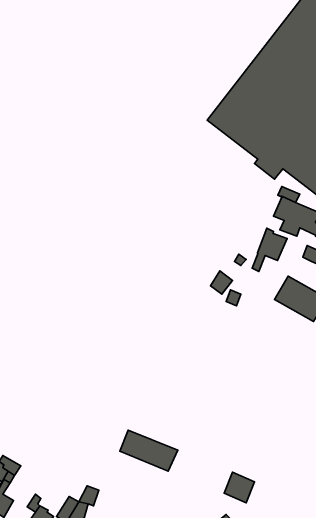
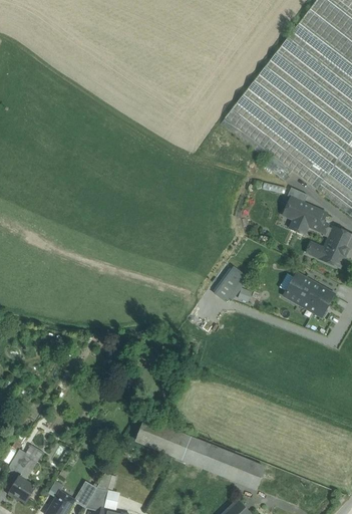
building: [252,228,287,272] -> none
building: none -> [183,438,244,479]

